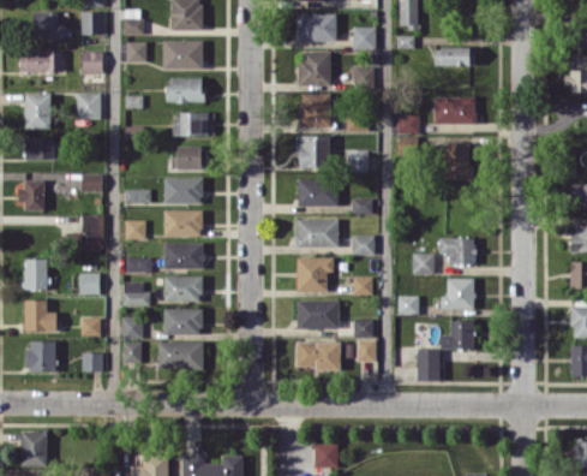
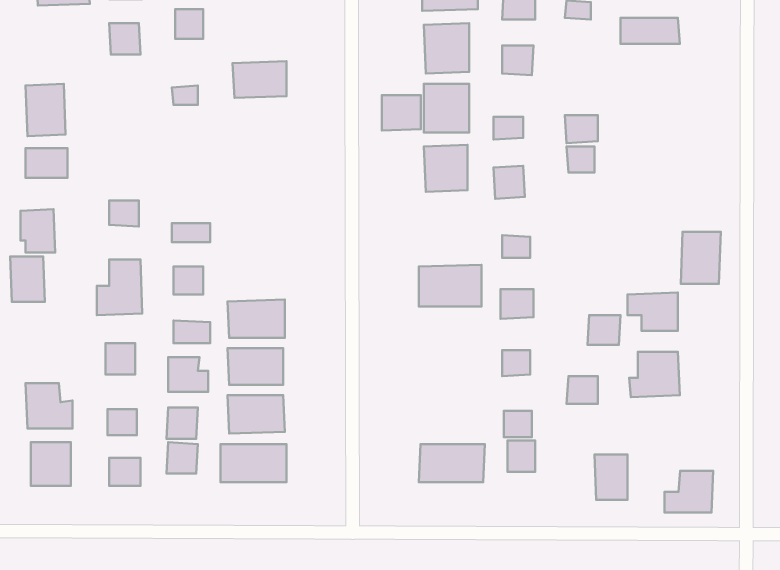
building: [162,41,203,70] -> none
building: [19,52,62,73] -> none
building: [77,94,102,120] -> none
building: [433,97,475,124] -> none
building: none -> [382,95,421,130]
building: [172,112,214,136] -> none
building: [444,144,472,180] -> [681,232,721,284]
building: [170,147,206,169] -> none
building: [163,178,203,204] -> none
building: [298,179,339,207] -> none
building: [164,210,203,237] -> none
building: [297,257,334,292] -> none
building: [24,258,48,290] -> [10,257,45,302]
building: [297,301,339,329] -> none
building: [441,321,474,350] -> [665,471,713,513]

